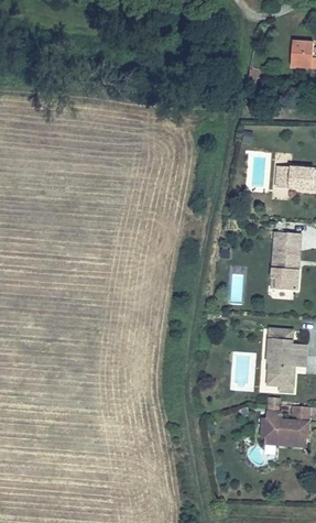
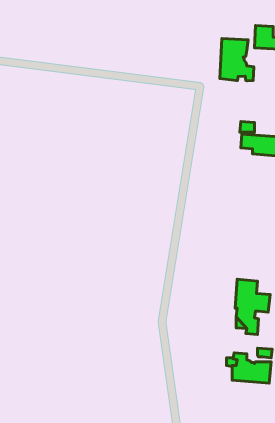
building: none -> [220,39,254,81]
building: [271,225,299,283] -> none

